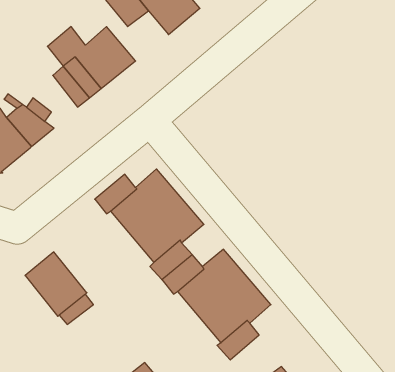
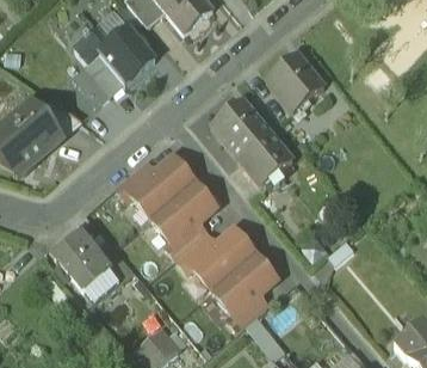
building: none -> [264,54,322,112]
building: none -> [209,98,291,185]

